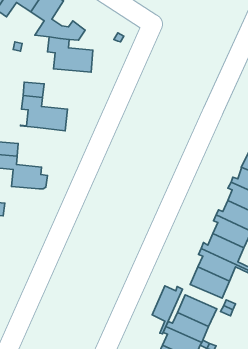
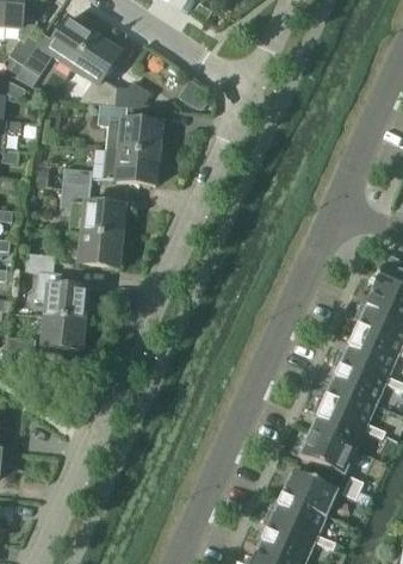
building: none -> [101,148,159,184]
building: none -> [79,231,122,267]
building: none -> [43,315,85,349]
building: [152,286,183,334] -> none

